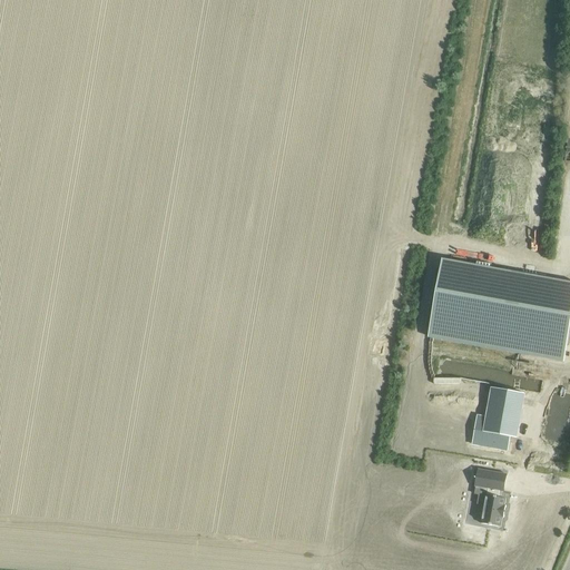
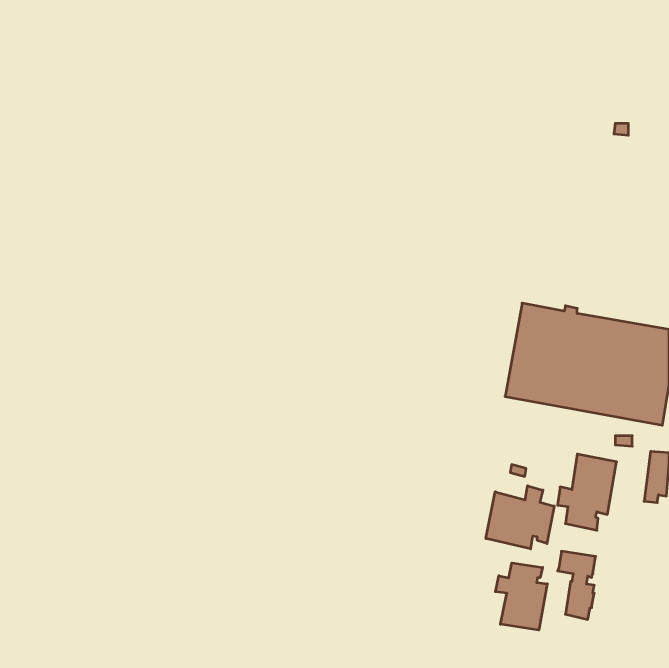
building: none -> [486,486,554,549]
building: none -> [495,563,547,630]

